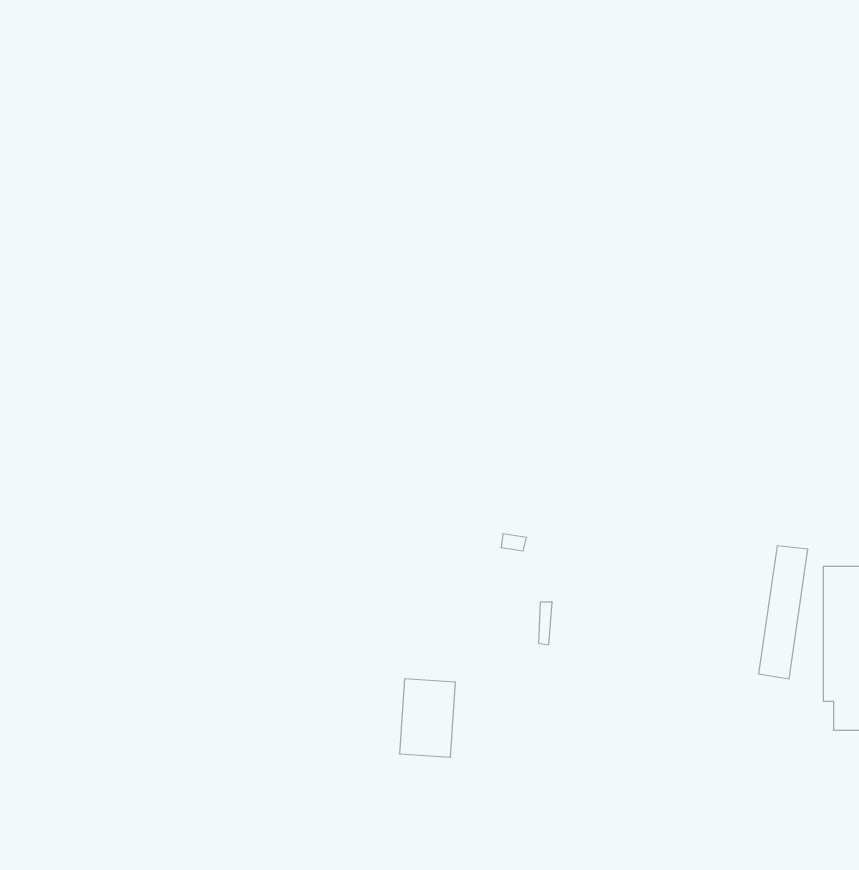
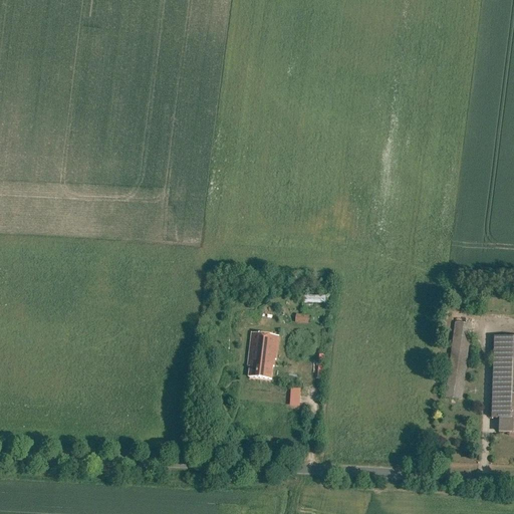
building: [399,679,456,757] -> [245,330,278,376]

